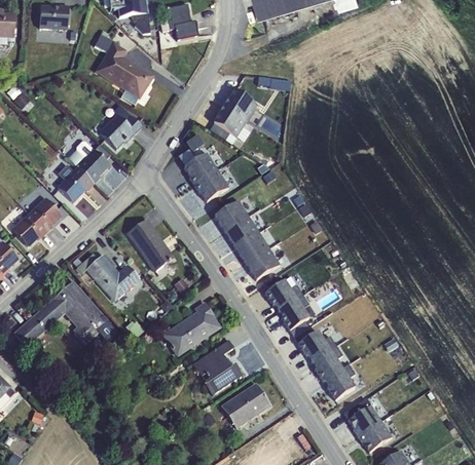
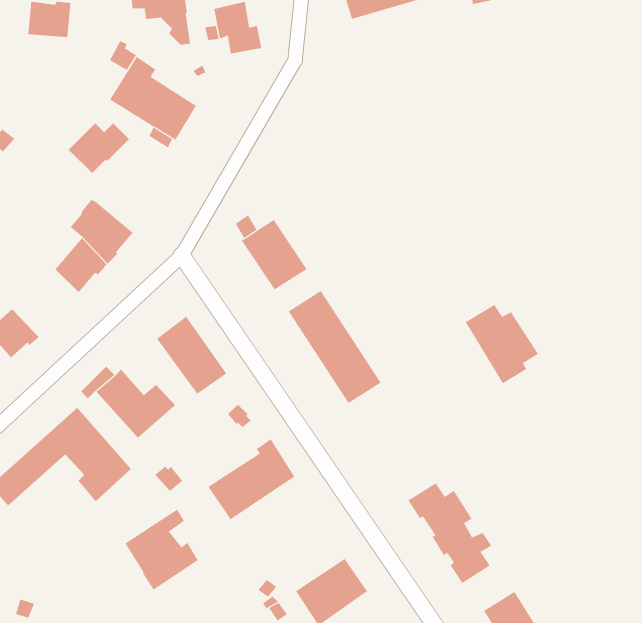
building: [214,91,256,138] -> none
building: [100,114,142,149] -> [68,123,130,174]
building: [29,197,63,233] -> none
building: [267,279,318,334] -> [465,304,539,384]
building: [192,340,243,395] -> [124,509,199,590]

